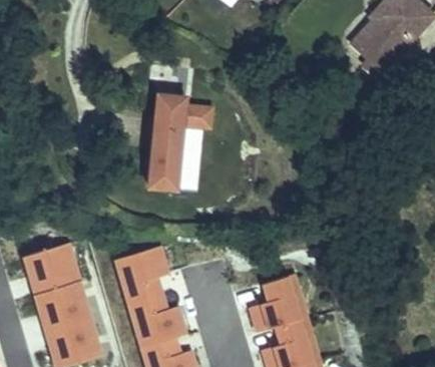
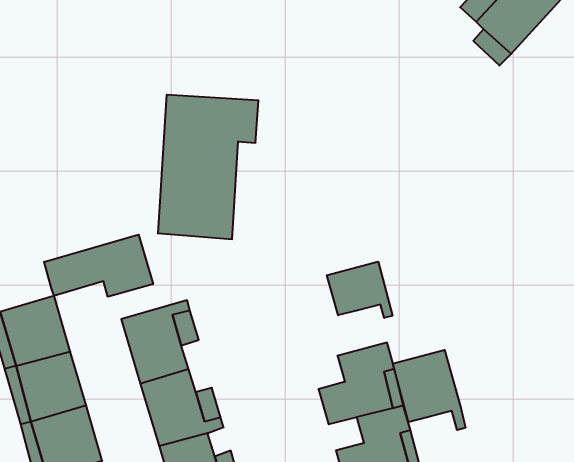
building: none -> [44,235,153,297]
building: none -> [327,262,392,318]
building: none -> [393,350,465,430]

